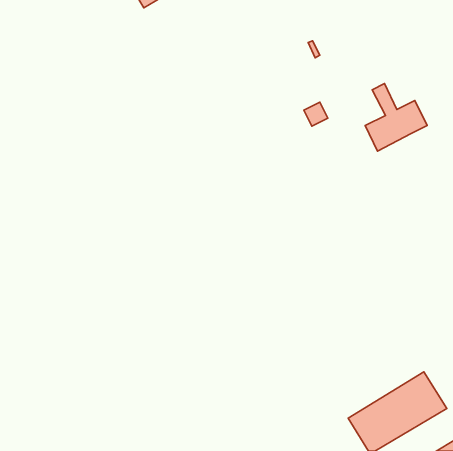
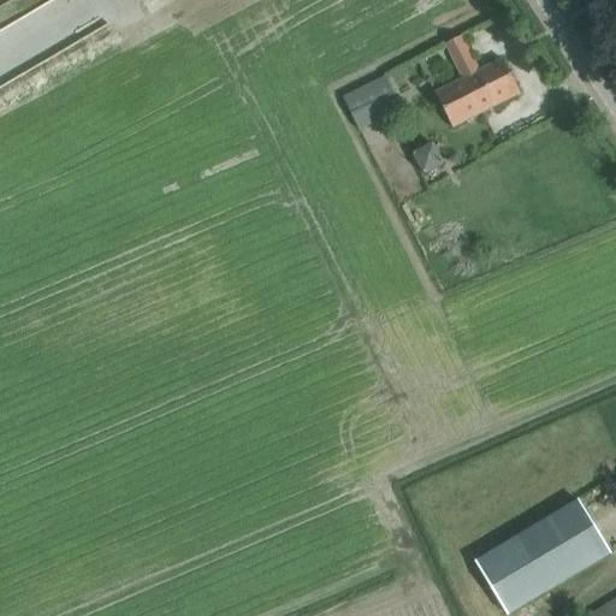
building: none -> [344,73,398,120]
building: [365,84,427,151] -> [437,34,521,125]

